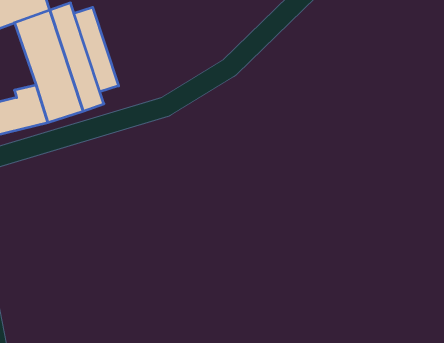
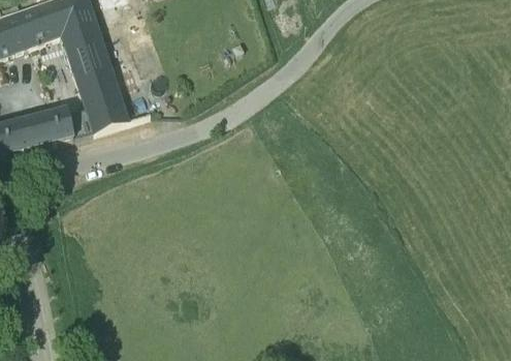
building: [74,7,119,92] -> none

